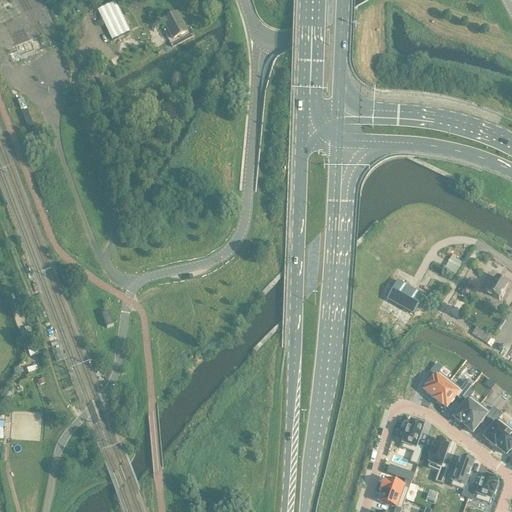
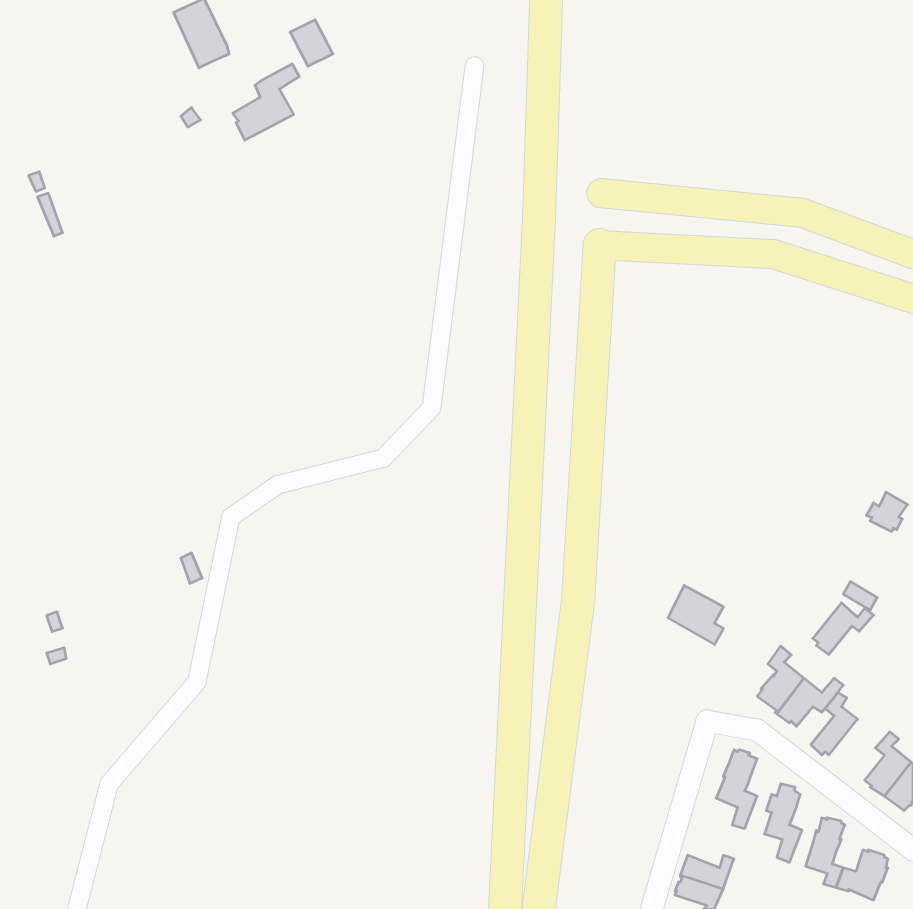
building: none -> [233,64,299,140]
building: [387,279,418,312] -> [668,585,723,645]
building: [463,402,497,431] -> [813,603,874,655]

